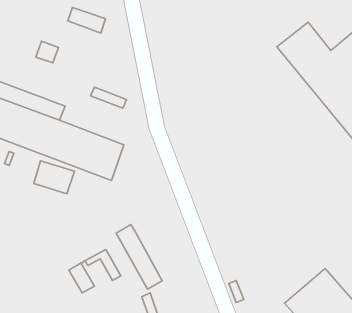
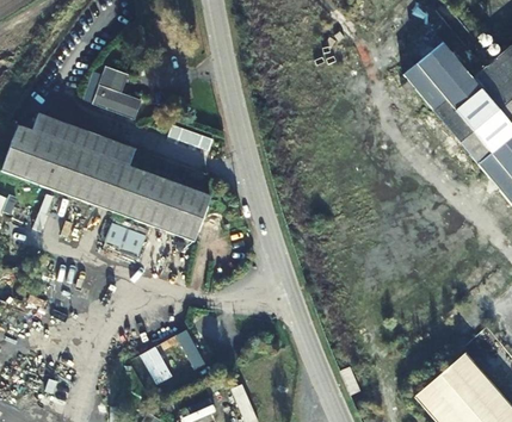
building: [68,8,106,33] -> [93,86,141,118]
building: [116,225,162,289] -> none

